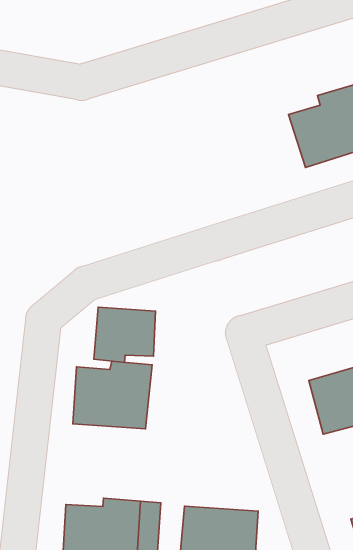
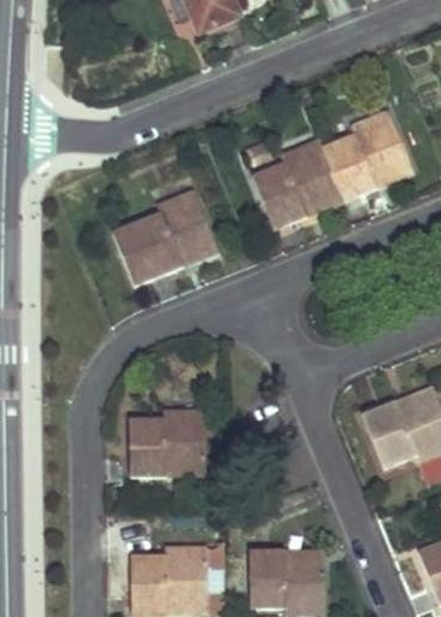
building: none -> [253,139,342,227]
building: none -> [113,189,217,283]
building: [94,307,156,362] -> none

